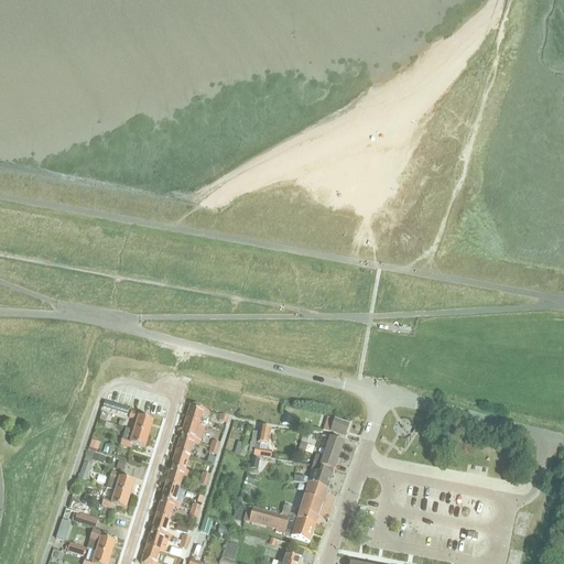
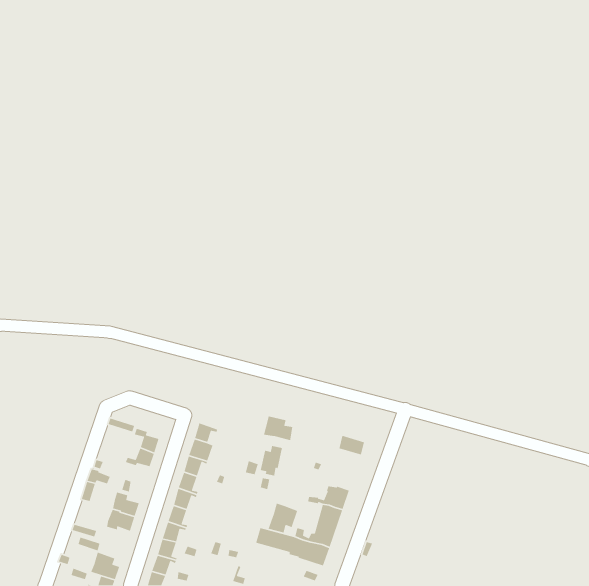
building: none -> [263,416,293,441]
building: [314,434,345,468] -> none
building: none -> [267,503,298,534]

